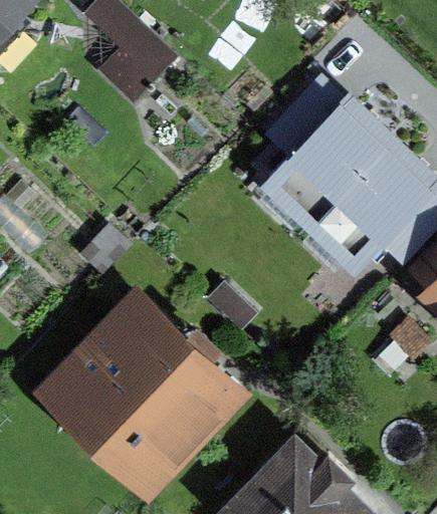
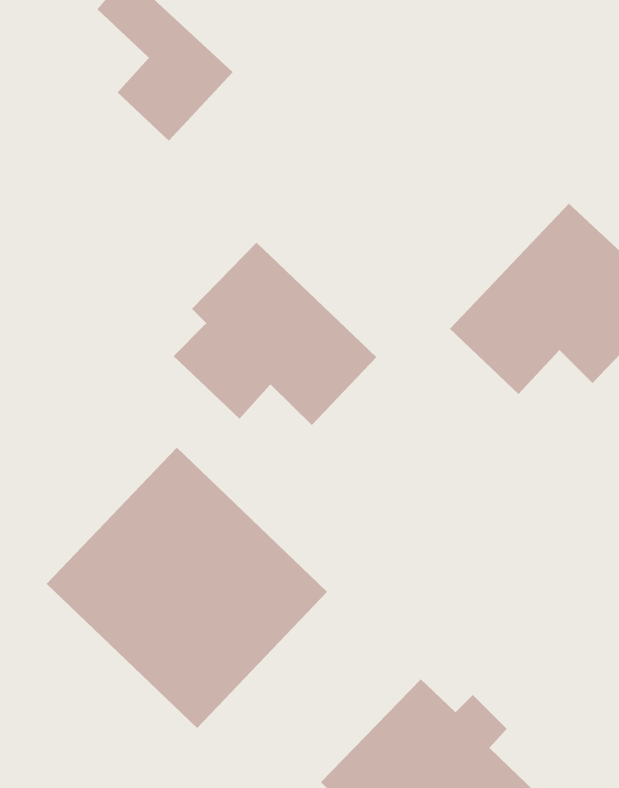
building: [268,85,389,219] -> none
building: none -> [173,242,377,426]

